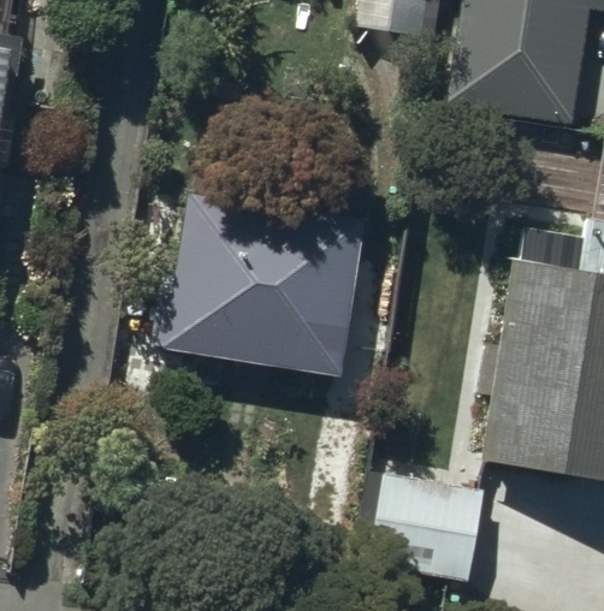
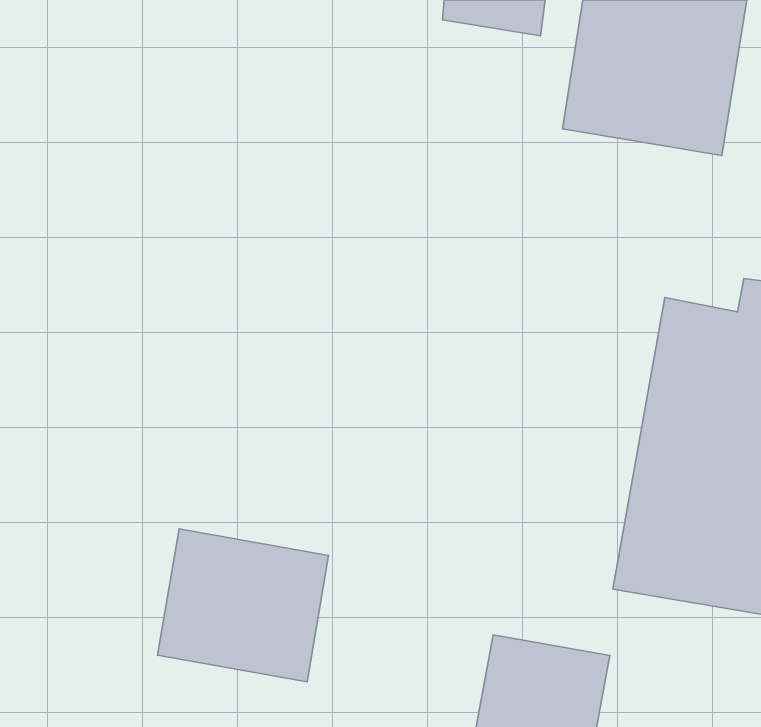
building: [164,196,357,372] -> none
building: none -> [158,529,328,682]

